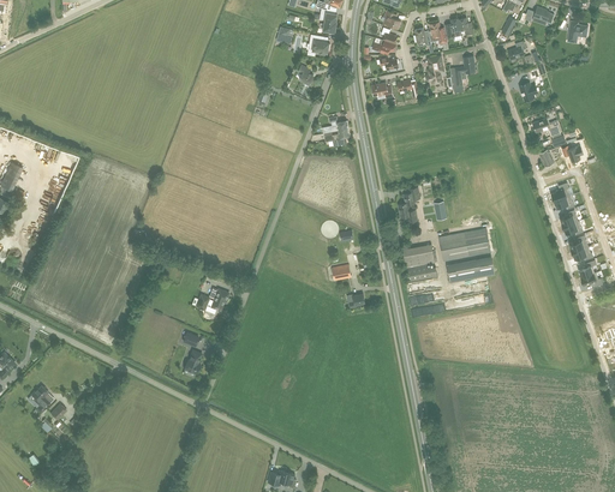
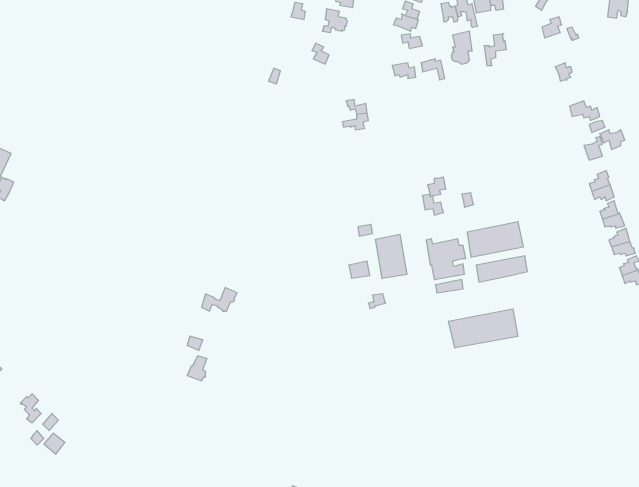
building: none -> [376,234,407,279]
building: none -> [449,309,518,348]

